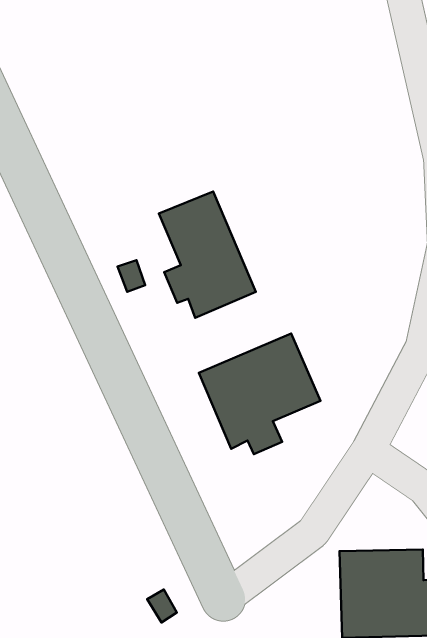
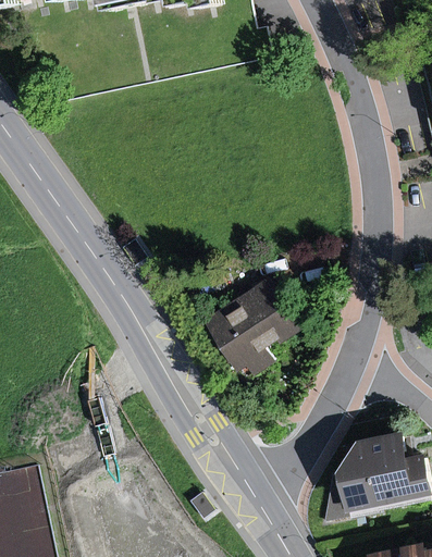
building: [159,191,256,318] -> none

